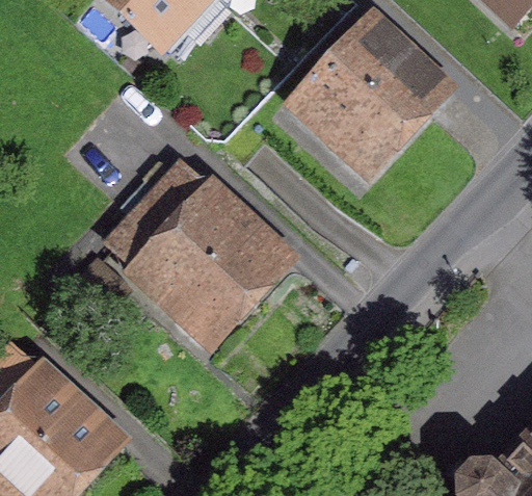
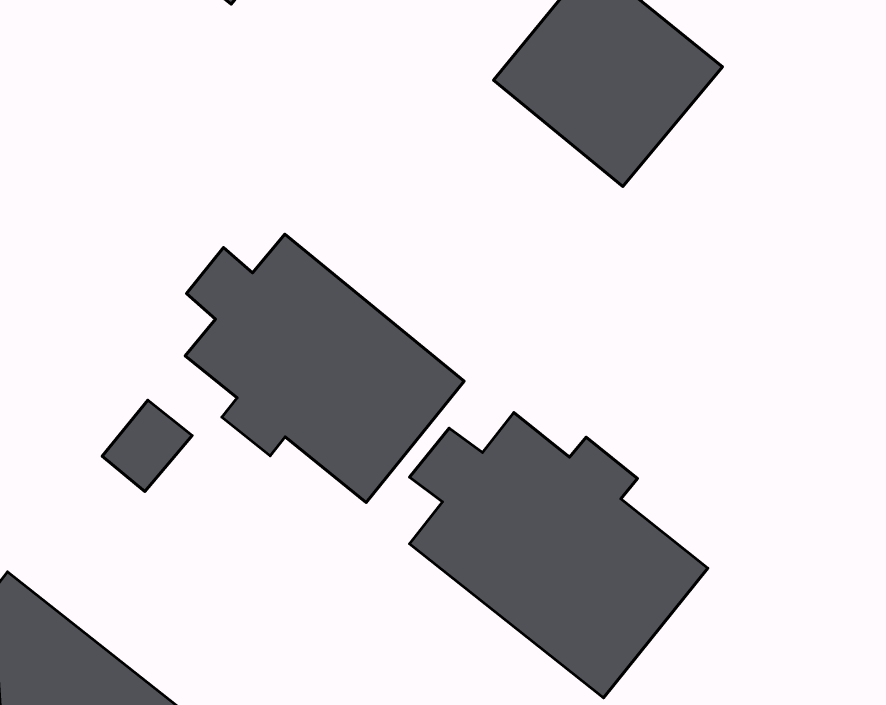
building: none -> [409,413,708,698]

